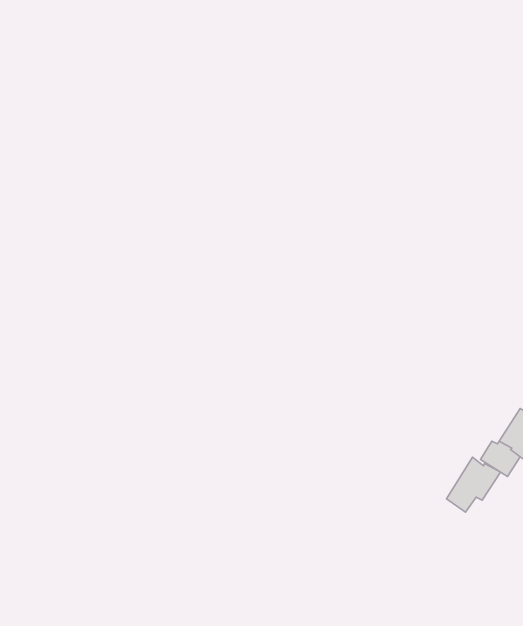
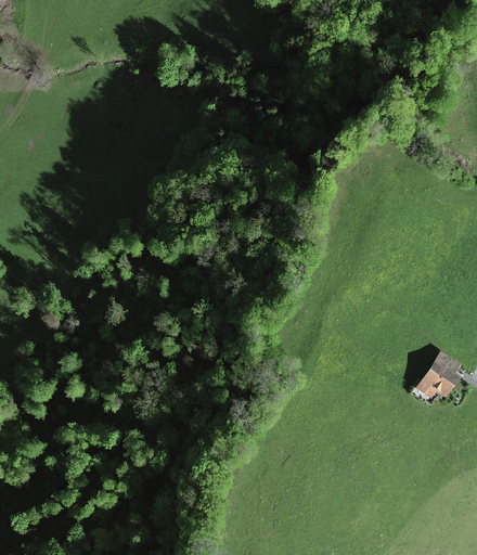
building: [446,457,500,512] -> none

